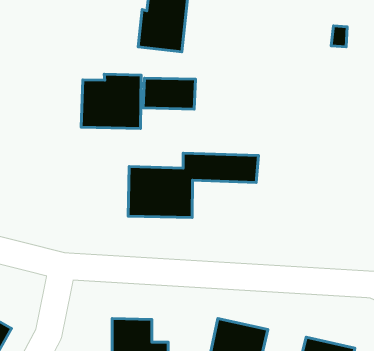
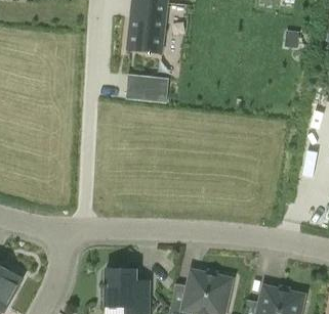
building: [81,74,141,129] -> none
building: [128,153,258,218] -> none

